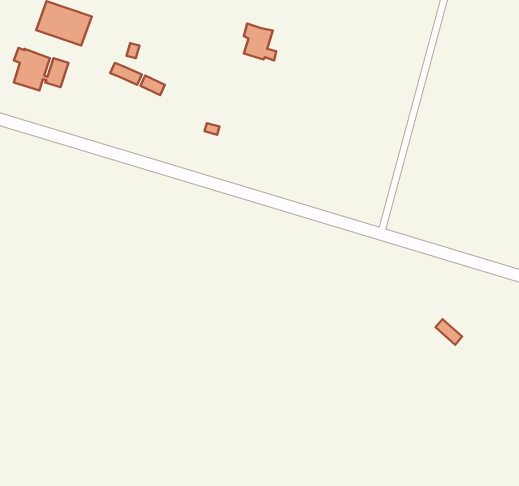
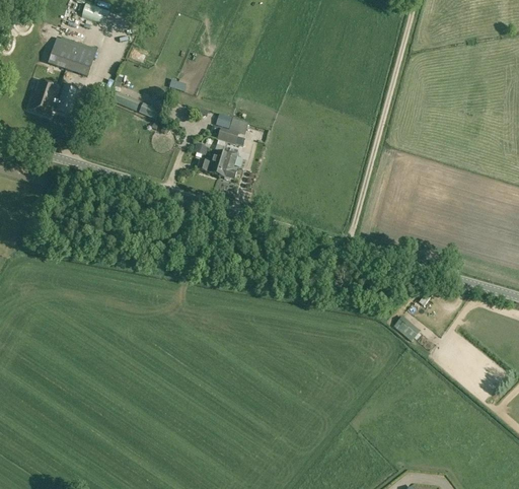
building: [244,23,276,61] -> [218,113,246,145]
building: none -> [198,148,237,179]

